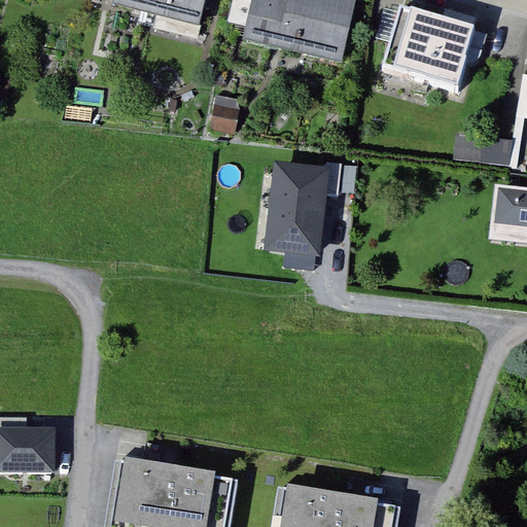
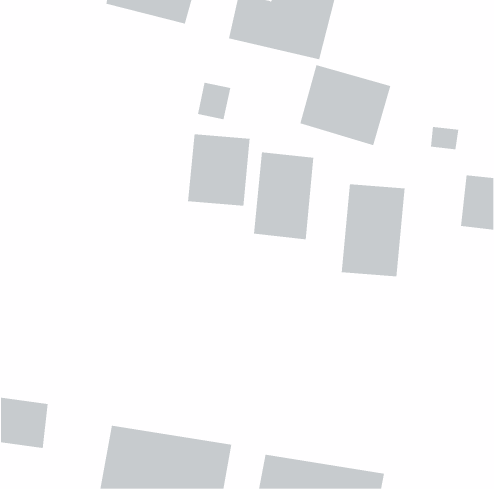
building: [381,5,479,92] -> [299,65,391,146]
building: none -> [188,134,250,207]
building: none -> [341,183,405,277]

